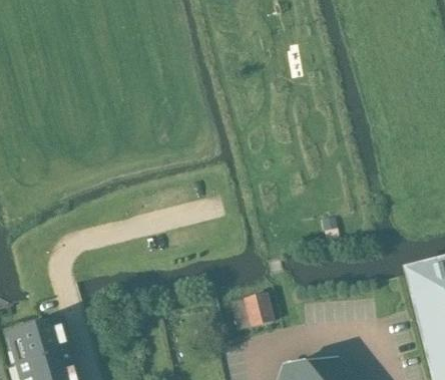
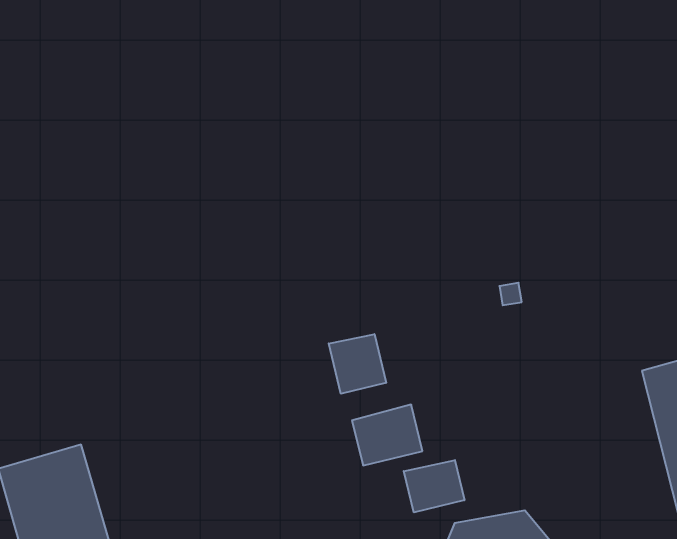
building: none -> [329,334,386,394]
building: none -> [404,460,464,512]

